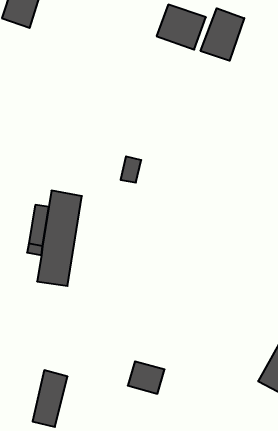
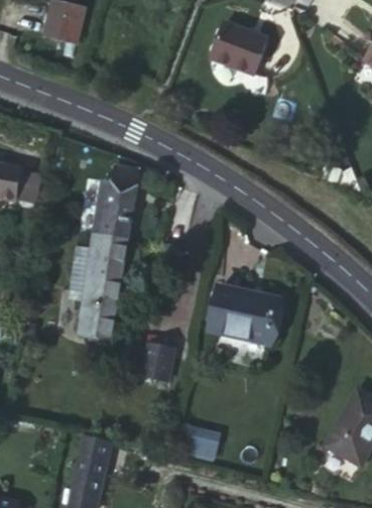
building: [201,8,244,61] -> none
building: none -> [94,165,139,239]
building: none -> [211,289,279,341]
building: none -> [139,349,172,384]

